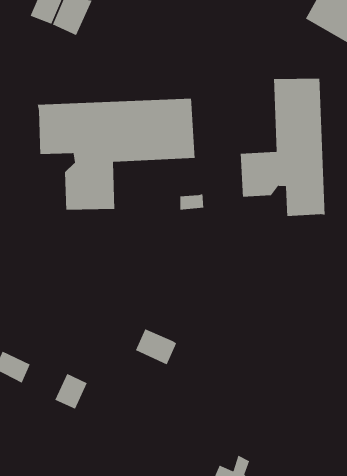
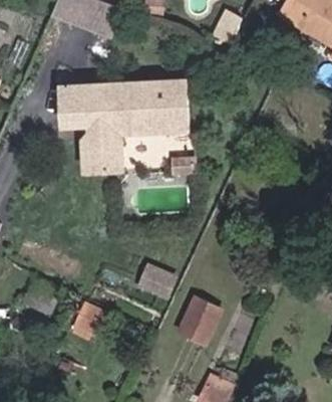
building: [240,78,326,217] -> none
building: none -> [177,294,224,346]

